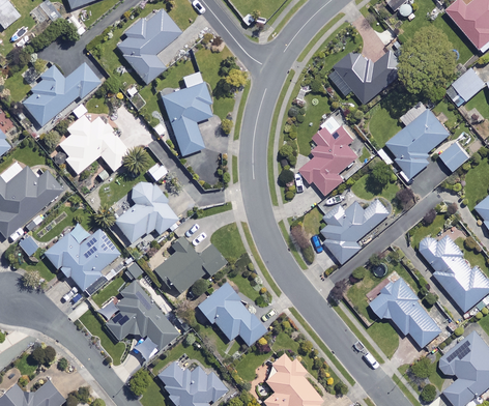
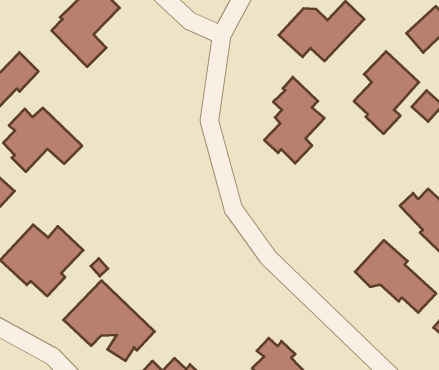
building: [161,82,211,155] -> none
building: [114,178,177,241] -> none
building: [322,197,391,263] -> none
building: [154,236,225,293] -> none
building: [197,281,267,345] -> none

